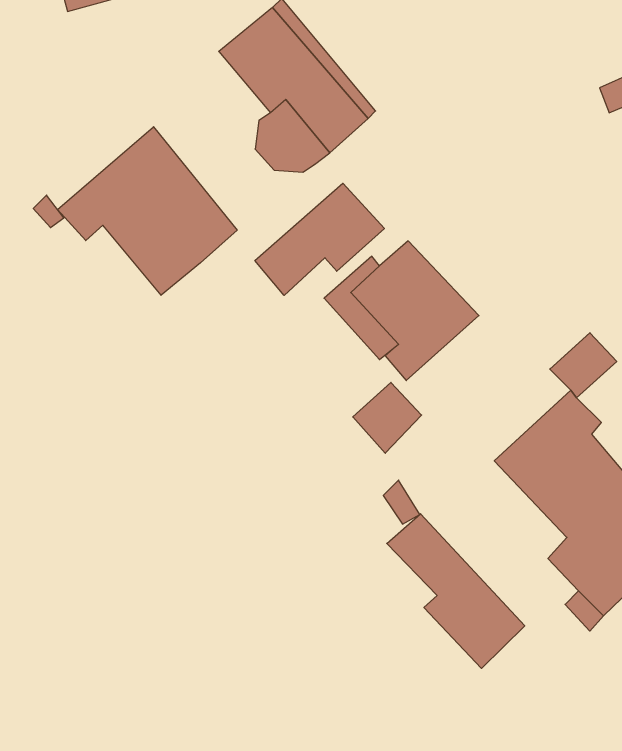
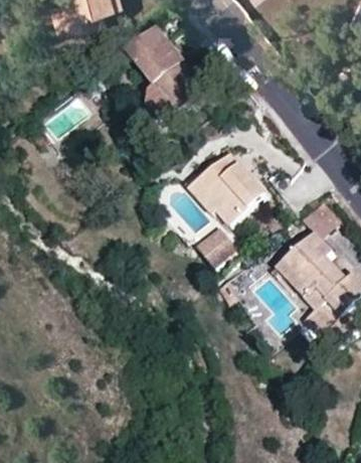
building: [57,127,237,295] -> none
building: [255,183,384,295] -> none
building: [387,514,525,668] -> none

